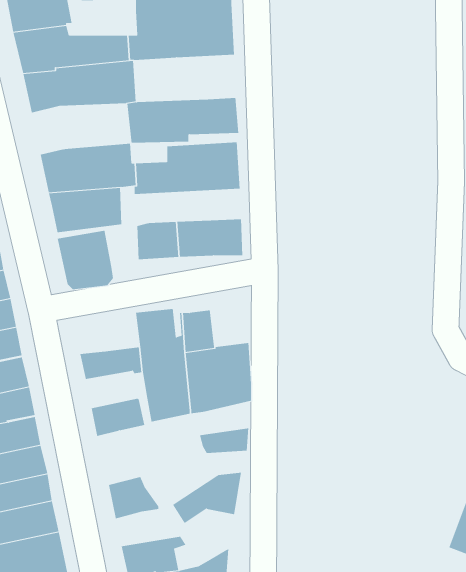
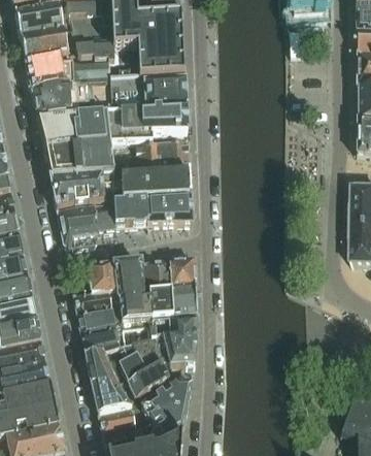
building: none -> [75,43,114,62]
building: none -> [112,78,187,110]
building: none -> [38,111,110,149]
building: none -> [112,173,191,198]
building: none -> [92,200,115,230]
building: none -> [168,259,196,288]
building: none -> [88,263,116,291]
building: none -> [77,305,122,332]
building: none -> [163,327,198,351]
building: none -> [86,349,117,388]
building: none -> [119,352,169,397]
building: none -> [99,405,146,432]
building: none -> [149,405,185,442]

